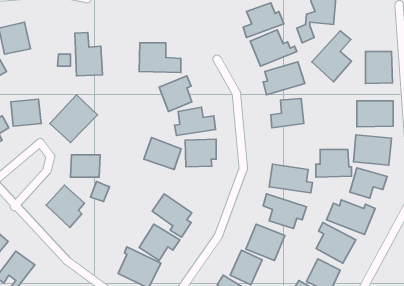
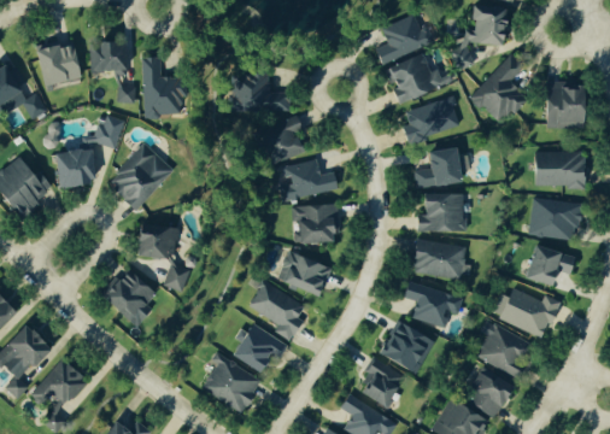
building: none -> [90,41,127,71]
building: none -> [94,113,125,148]
building: [144,137,181,170] -> [278,251,330,295]
building: [316,149,351,177] -> [417,193,467,231]

